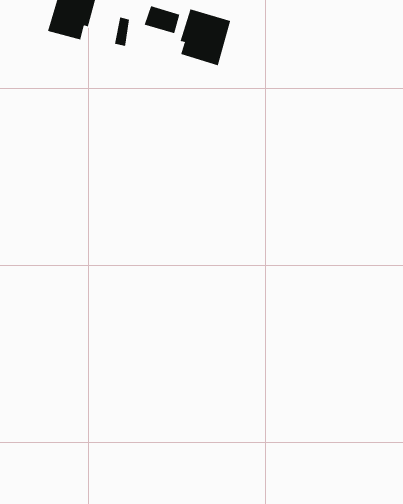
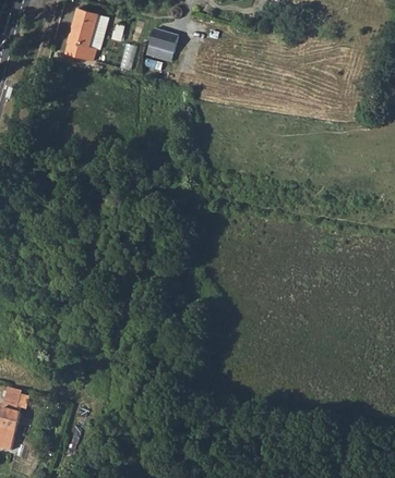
building: [180,8,231,66] -> none

